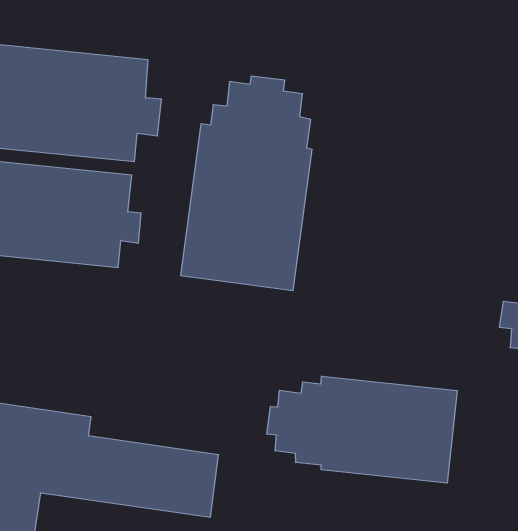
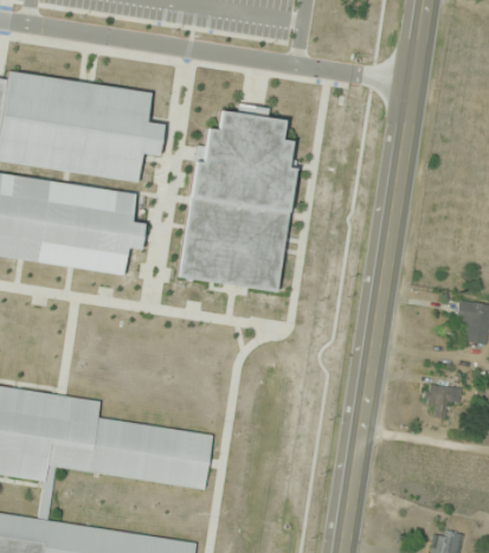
building: [267,376,457,483] -> none
building: none -> [429,385,464,418]

